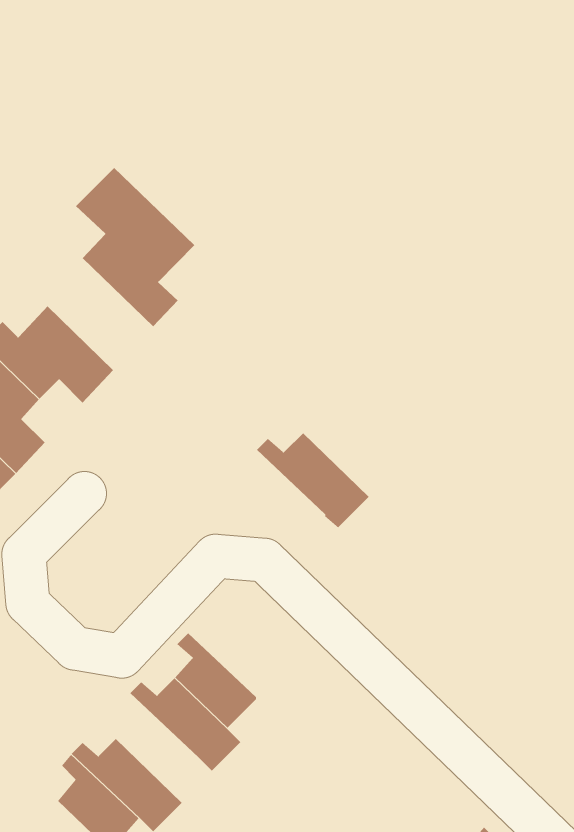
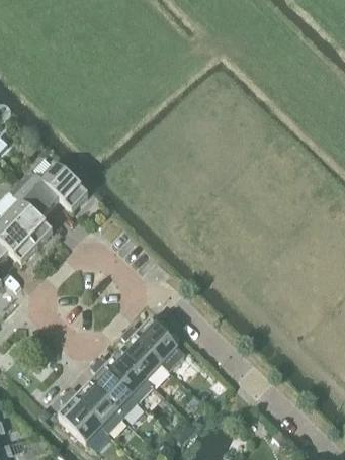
building: [75,167,195,327] -> none
building: [256,432,370,528] -> [126,320,185,370]
building: none -> [89,361,139,418]

